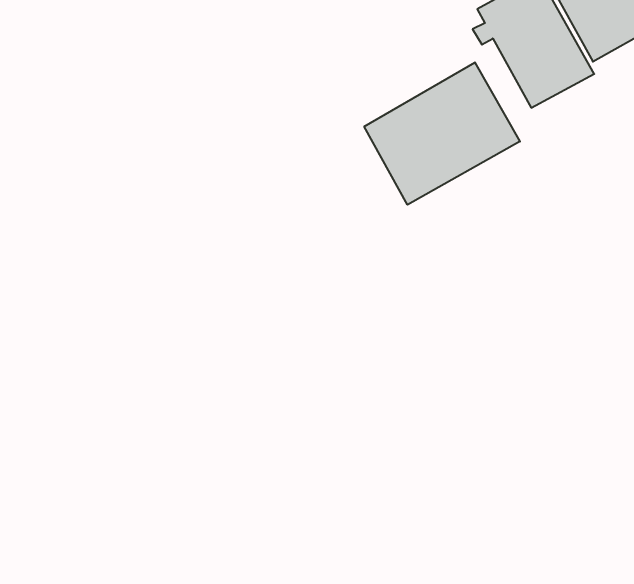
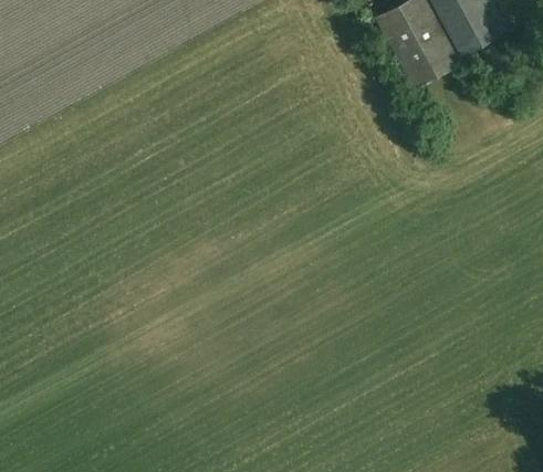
building: [364,62,520,205] -> none

